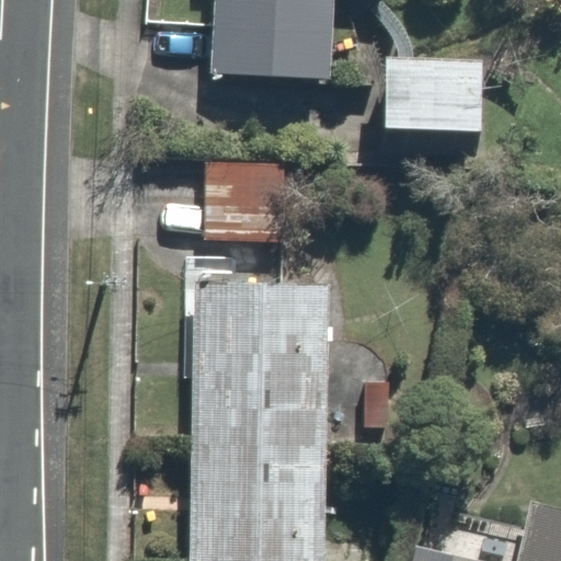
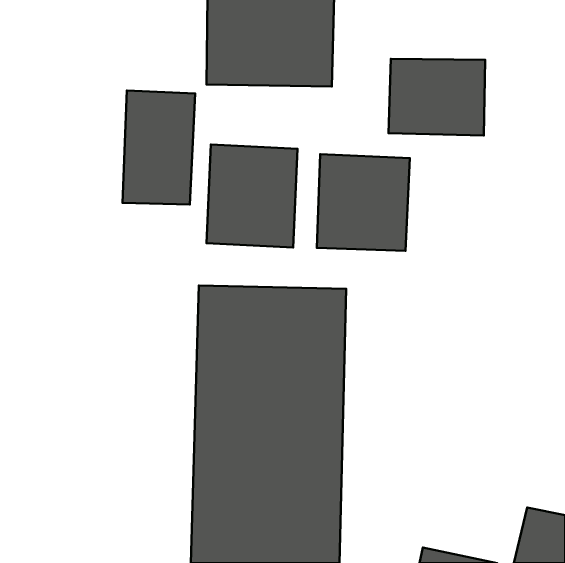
building: none -> [123,90,195,205]
building: none -> [317,154,410,251]

